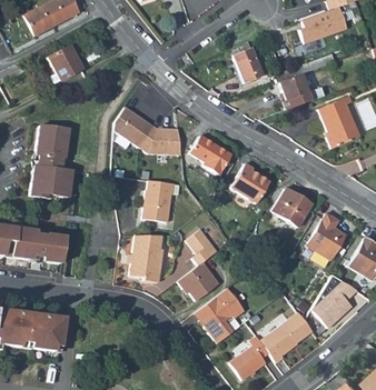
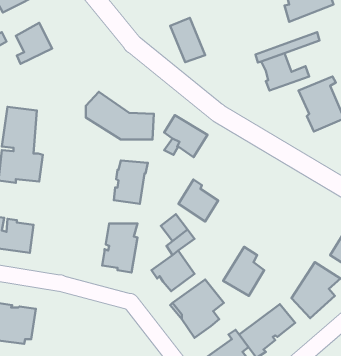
building: [230,40,264,82] -> [170,18,205,62]
building: [230,160,268,200] -> [178,179,218,221]
building: [270,184,310,223] -> none
building: [306,212,345,259] -> [223,247,264,296]

